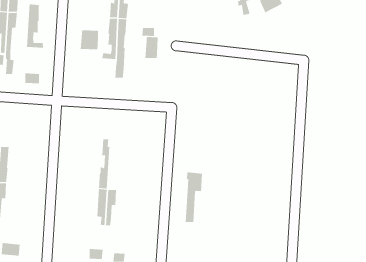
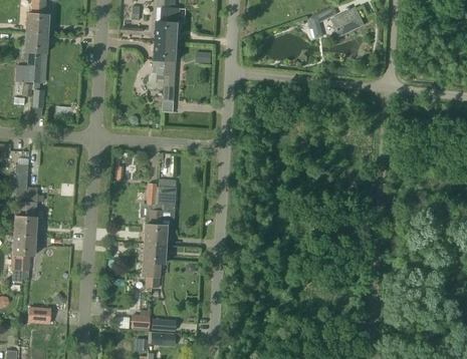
building: [27,4,43,48] -> none
building: [80,29,98,50] -> none
building: [145,36,158,59] -> none
building: [185,172,203,223] -> [155,184,176,244]

